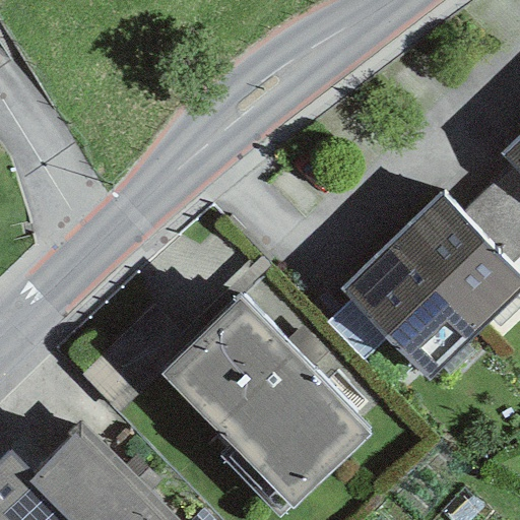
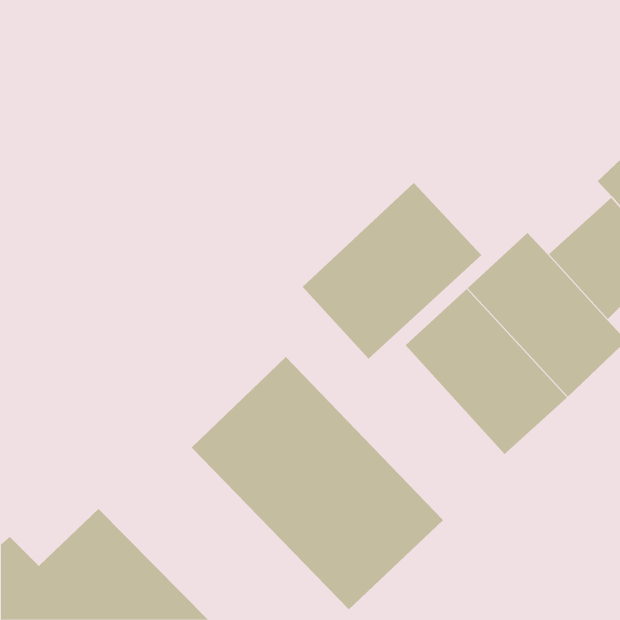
building: none -> [302,182,482,360]

